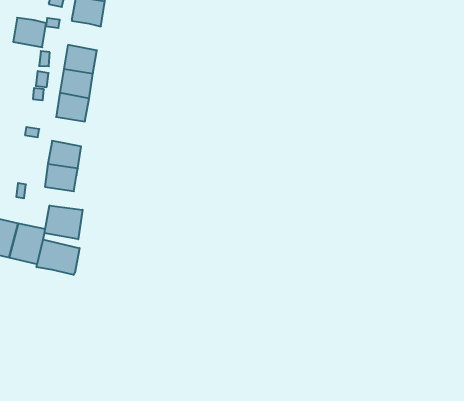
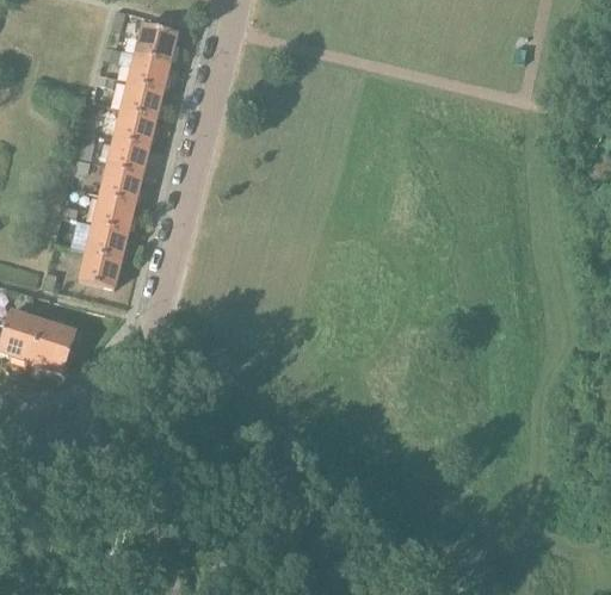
building: [13,18,46,47] -> [121,80,162,118]
building: none -> [92,194,134,233]
building: [45,205,83,239] -> none
building: [37,240,80,275] -> none

